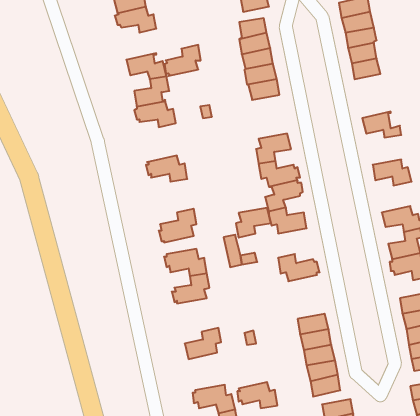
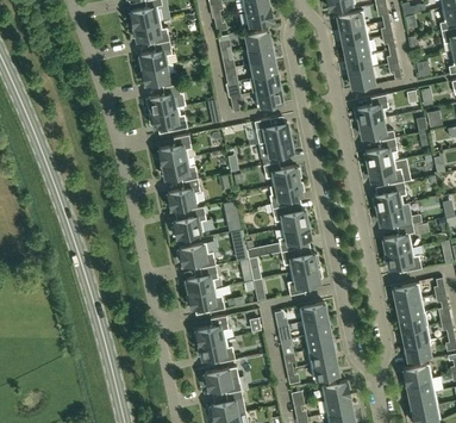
building: [164,45,201,76] -> [138,41,171,69]
building: none -> [354,94,388,123]
building: none -> [254,118,289,143]
building: none -> [158,135,192,163]
building: none -> [363,138,396,166]
building: none -> [167,179,200,209]
building: none -> [371,181,406,210]
building: [236,208,271,238] -> [279,224,311,251]
building: none -> [287,267,321,296]
building: none -> [186,288,225,312]
building: [237,382,277,408] -> [198,338,235,362]

